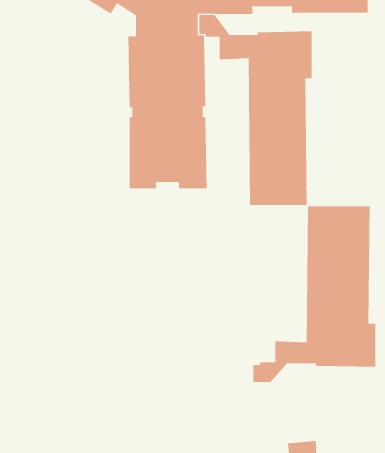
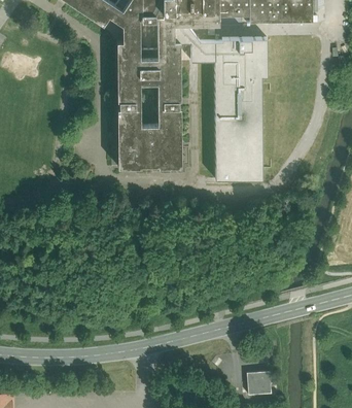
building: [253,205,376,383] -> none

